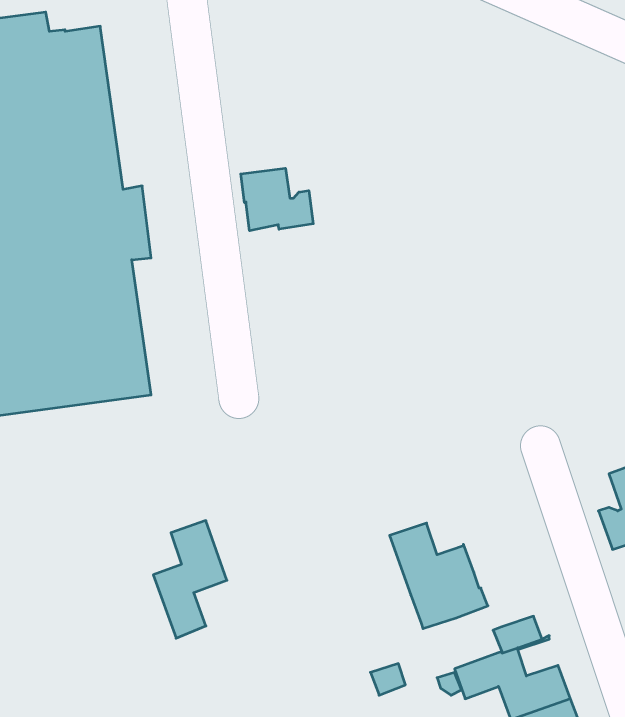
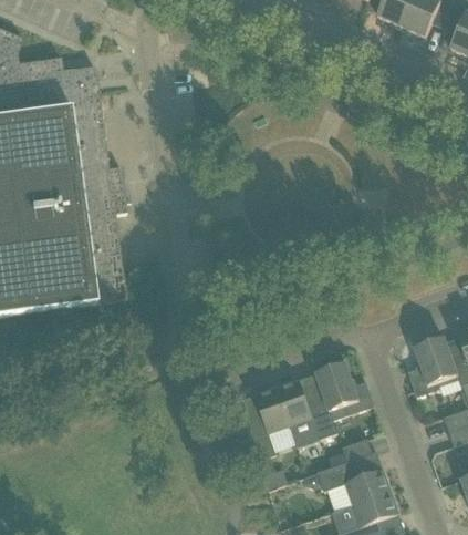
building: [241,168,313,231] -> none
building: none -> [316,362,375,414]
building: [153,521,227,638] -> [243,387,290,461]

